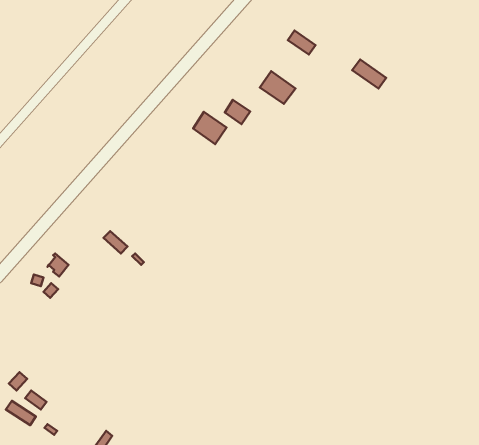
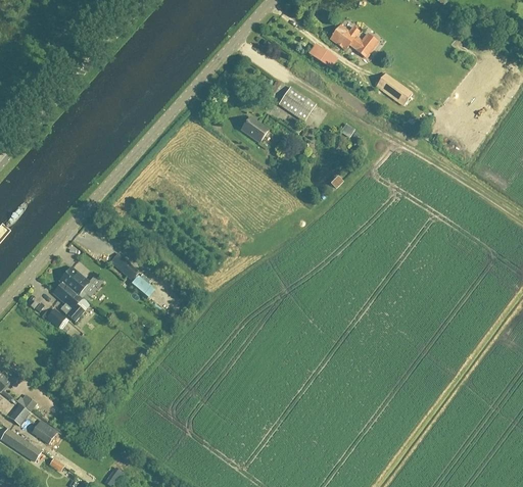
building: none -> [330,25,377,54]
building: [193,112,227,144] -> none
building: none -> [61,266,89,321]

